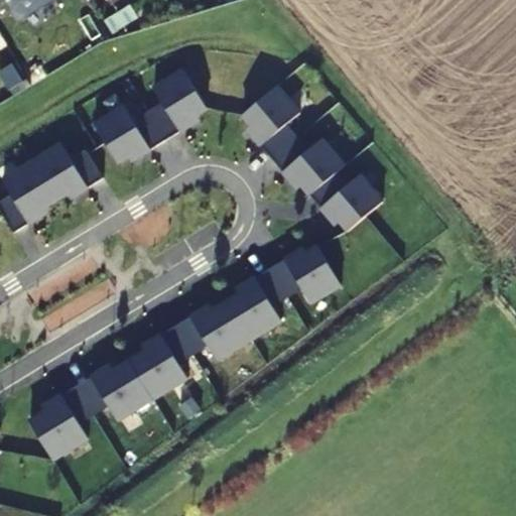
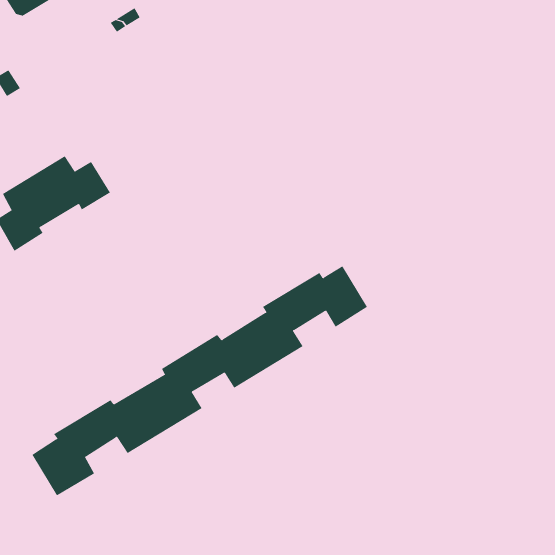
building: [94,70,207,162] -> none
building: [242,86,382,231] -> none

